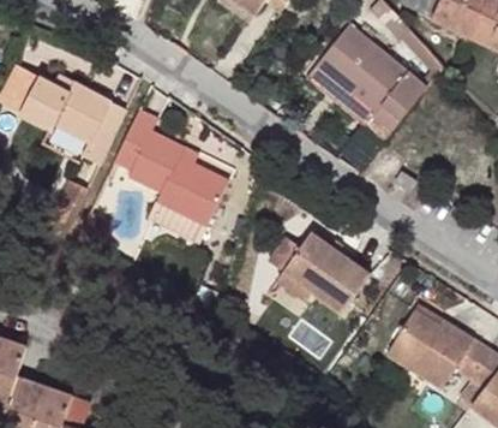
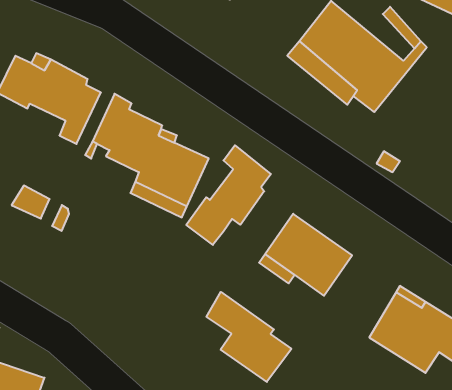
building: none -> [186,145,271,245]
building: none -> [206,292,291,382]

